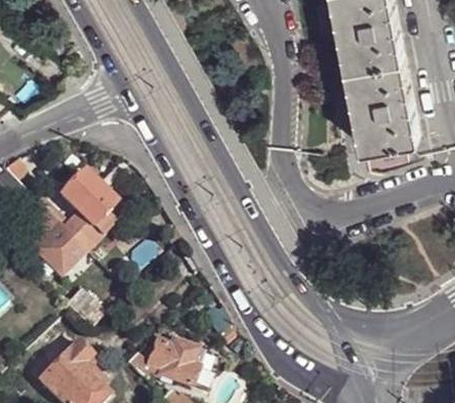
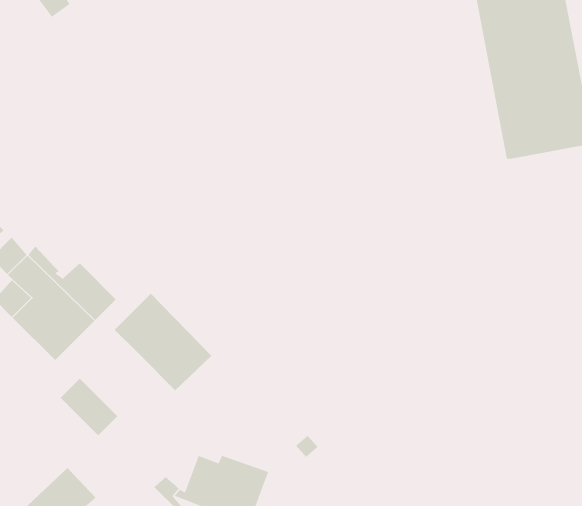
building: [362,135,405,165] -> none
building: [58,170,124,236] -> [114,293,212,391]

